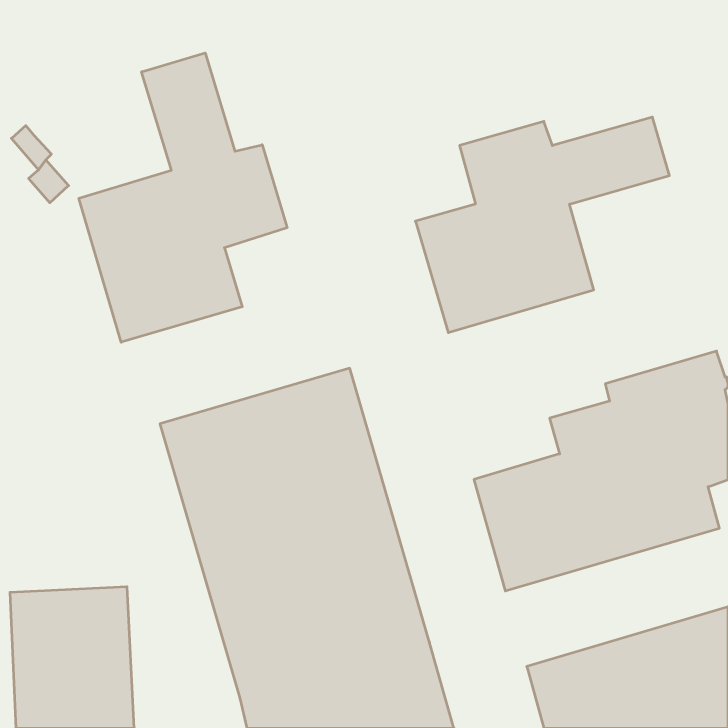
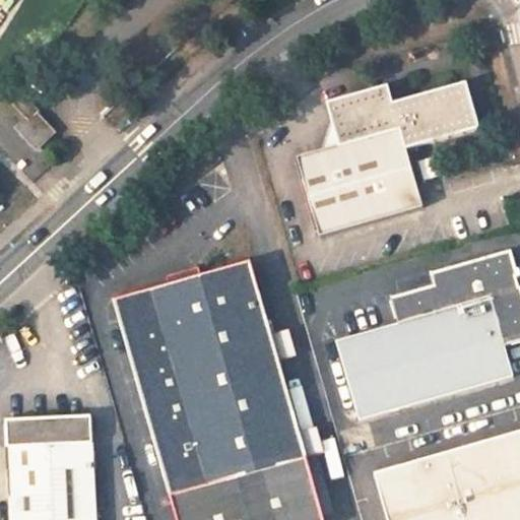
building: [79,53,287,342] -> none

